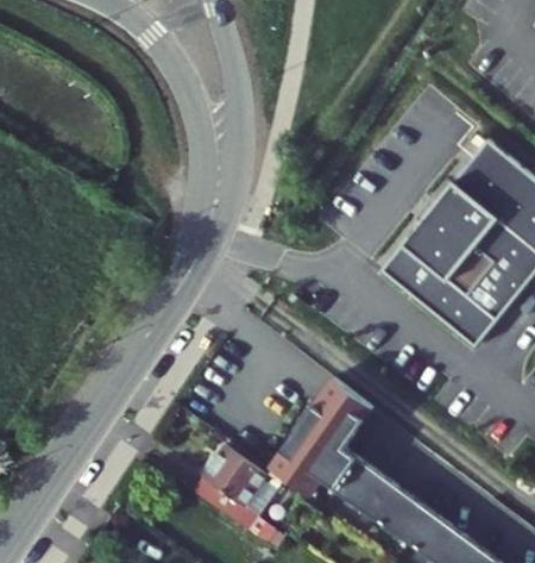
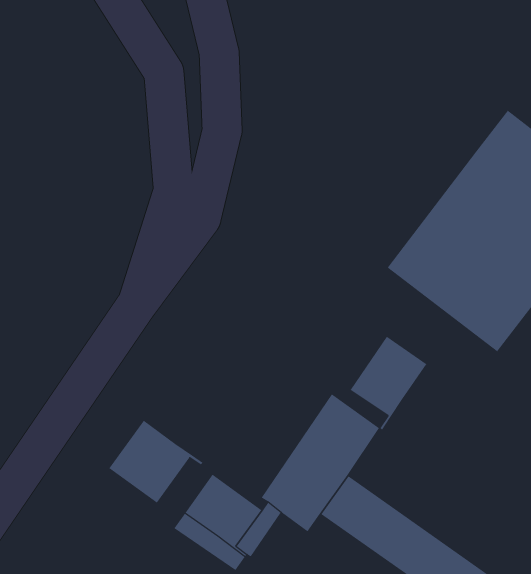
building: none -> [350,336,427,431]
building: none -> [108,420,203,503]

